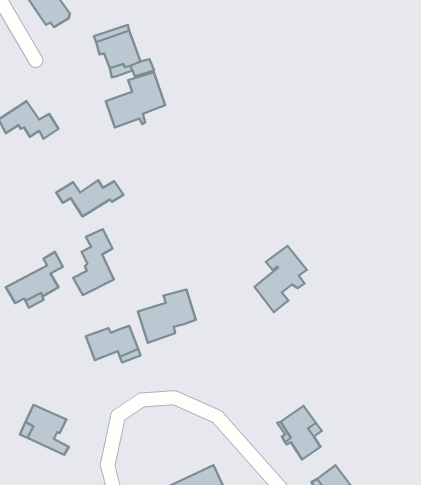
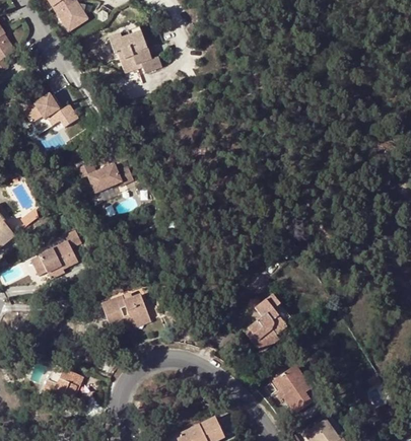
building: [106,72,165,127] -> none
building: [73,229,114,295] -> none
building: [254,246,307,312] -> [244,294,290,353]
building: [138,289,196,343] -> none

